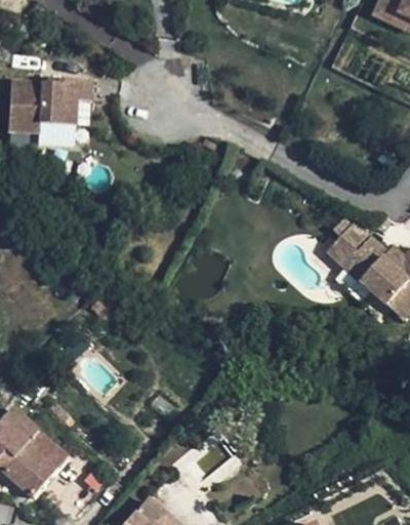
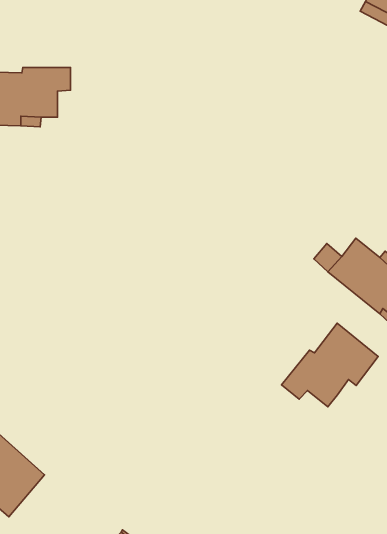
building: none -> [282,323,378,407]

